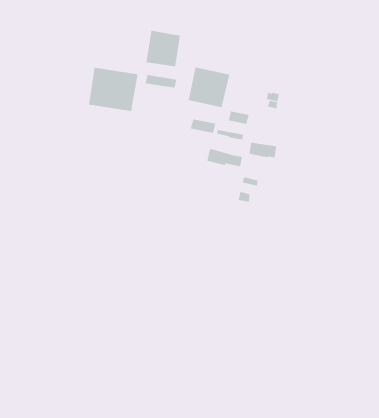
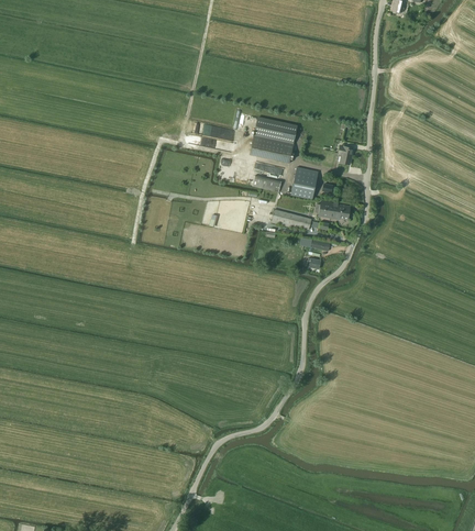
building: [146,30,180,67] -> none
building: [89,67,138,112] -> none

